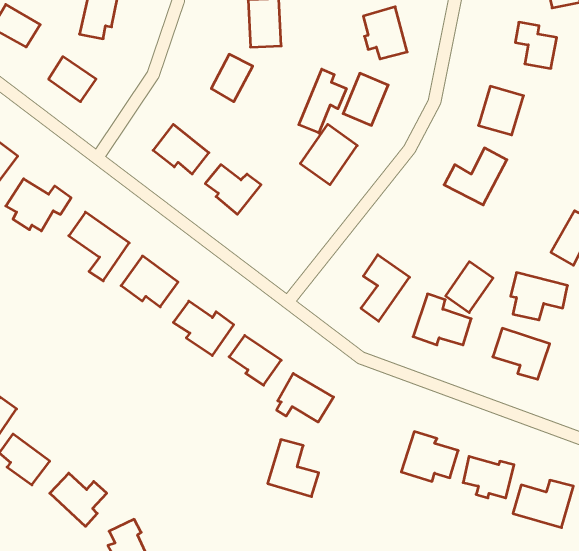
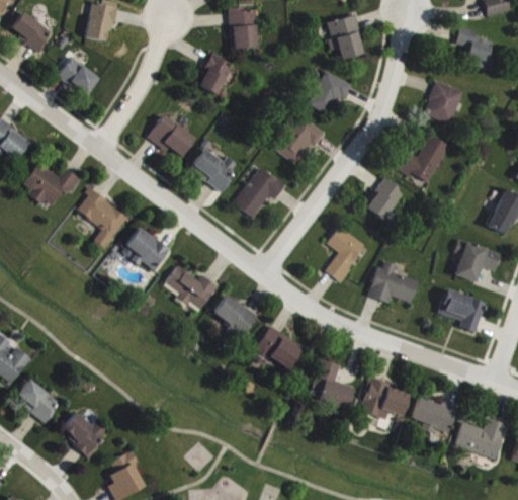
building: [299,69,346,133] -> none
building: none -> [235,167,285,217]
building: [446,262,493,313] -> [363,177,404,221]
building: [268,440,319,497] -> [309,359,352,408]

